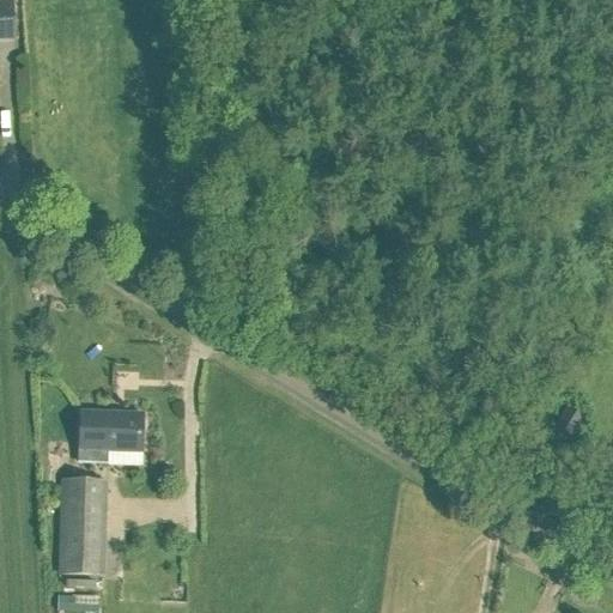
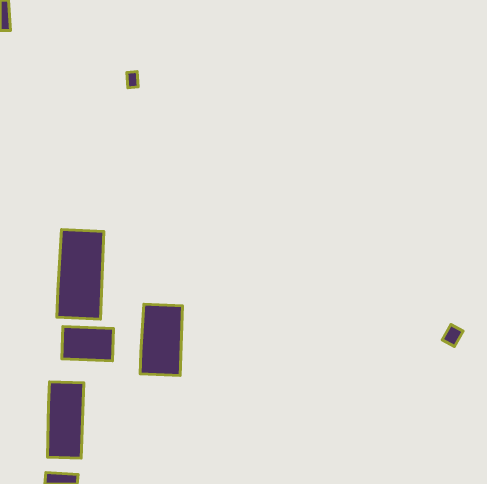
building: none -> [57,229,104,319]
building: none -> [140,304,183,376]

